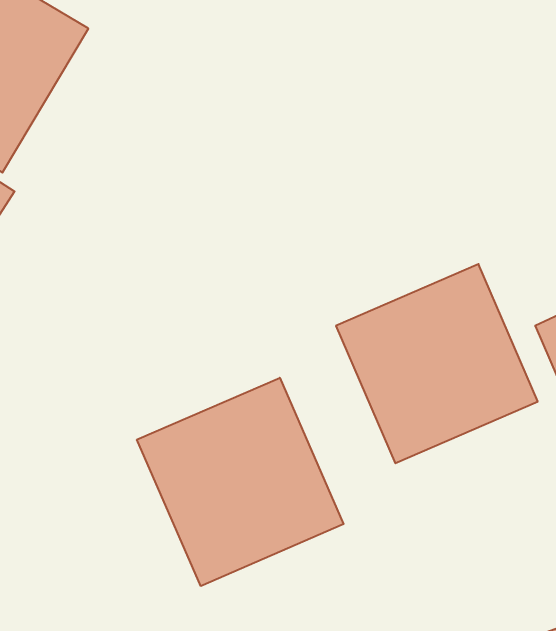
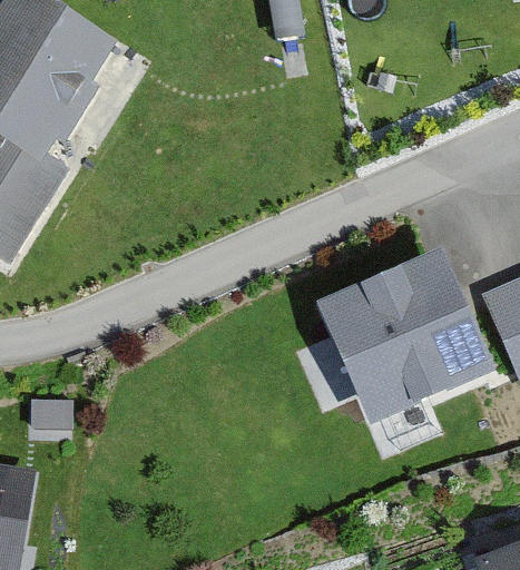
building: [137,378,344,586] -> none

